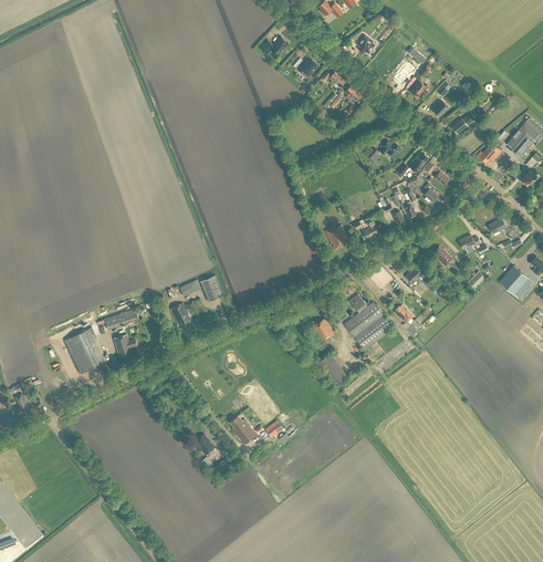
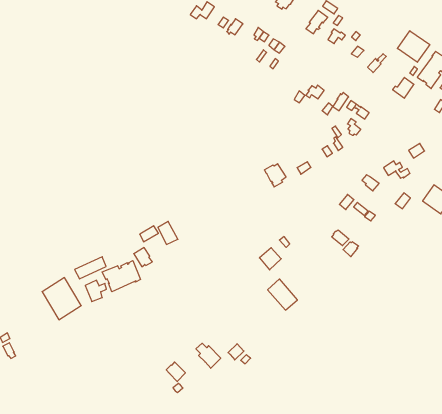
building: none -> [397,31,430,62]
building: [344,293,394,351] -> none
building: none -> [102,261,140,292]

